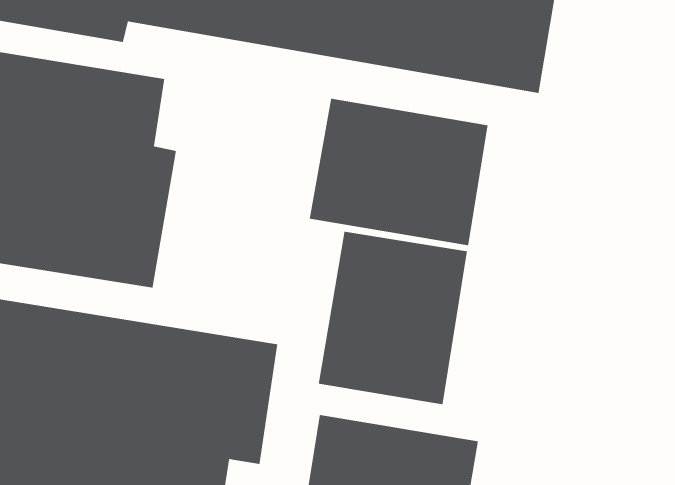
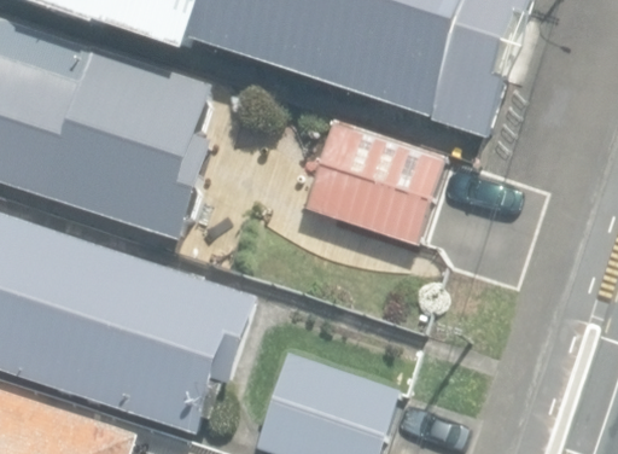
building: [318,231,468,405] -> none

